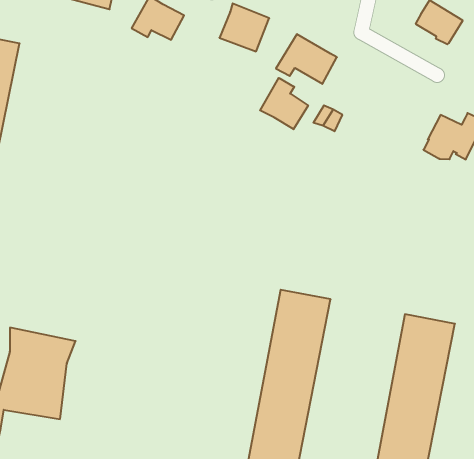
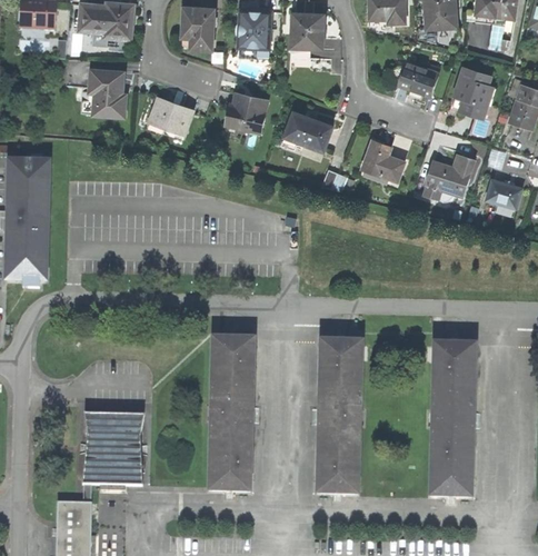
building: [260,78,308,129] -> none
building: none -> [362,139,406,189]
building: none -> [207,335,256,492]

